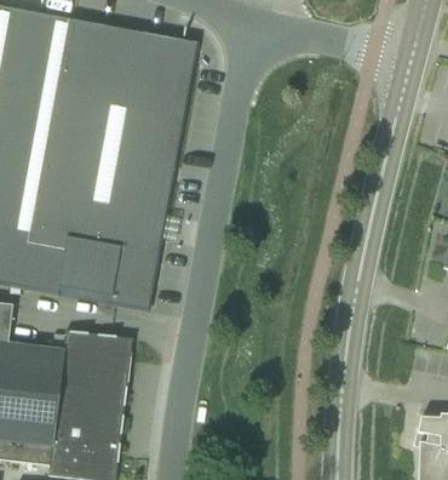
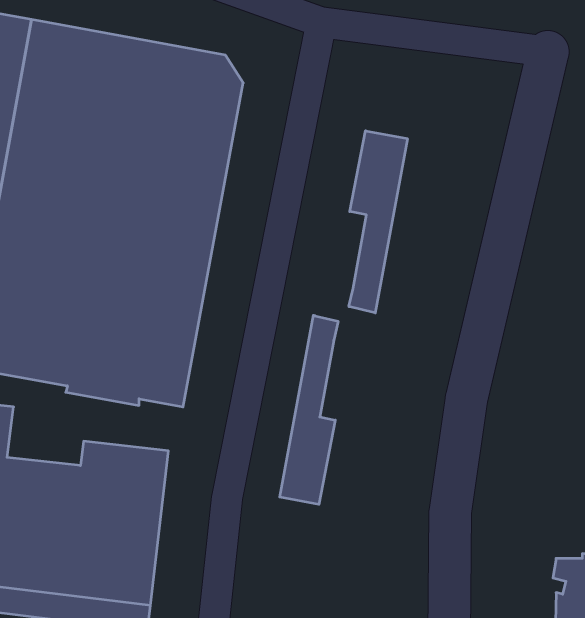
building: none -> [349,131,407,313]
building: none -> [280,315,338,504]

